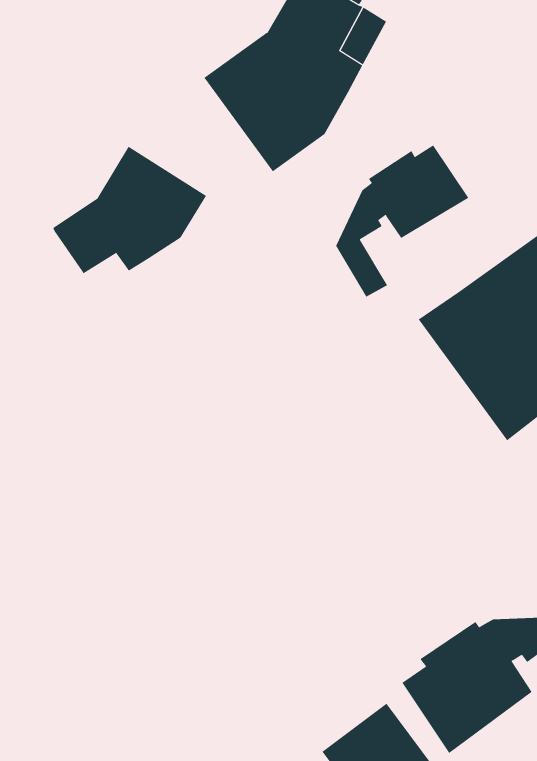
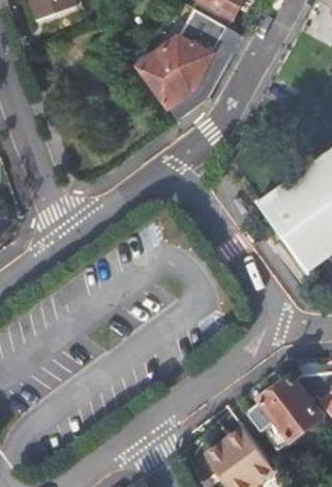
building: [336,144,469,298] -> none
building: [52,146,207,274] -> none

